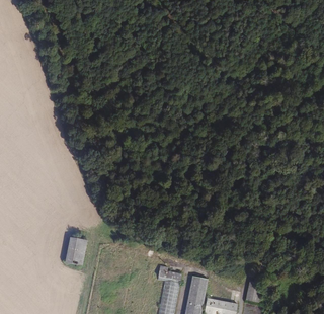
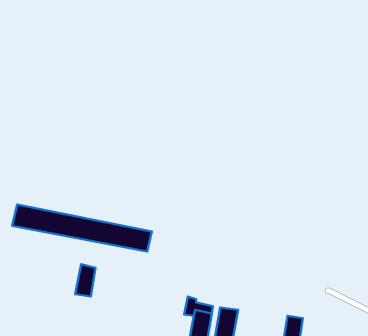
building: none -> [12,205,152,251]

